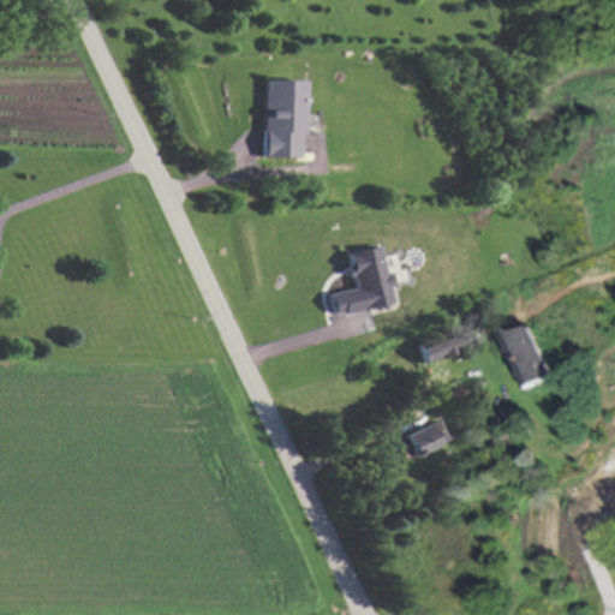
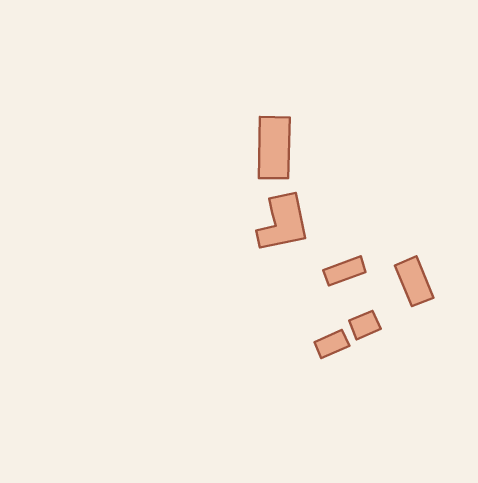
building: [264,79,304,157] -> [259,117,290,178]
building: none -> [349,311,381,339]

